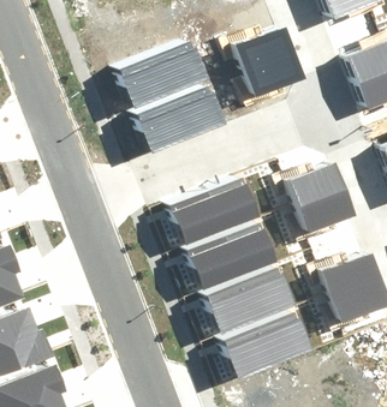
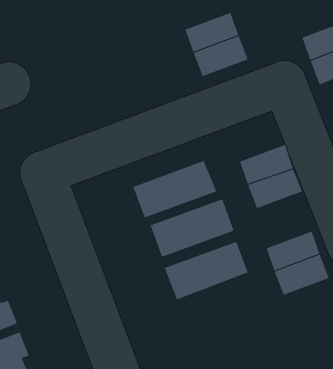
building: [115,44,203,106] -> none
building: [133,88,221,149] -> none
building: [224,313,310,375] -> none

